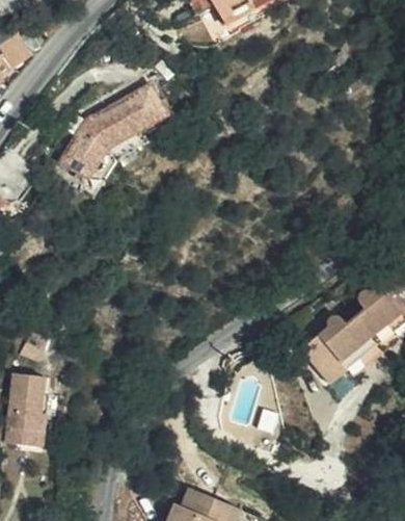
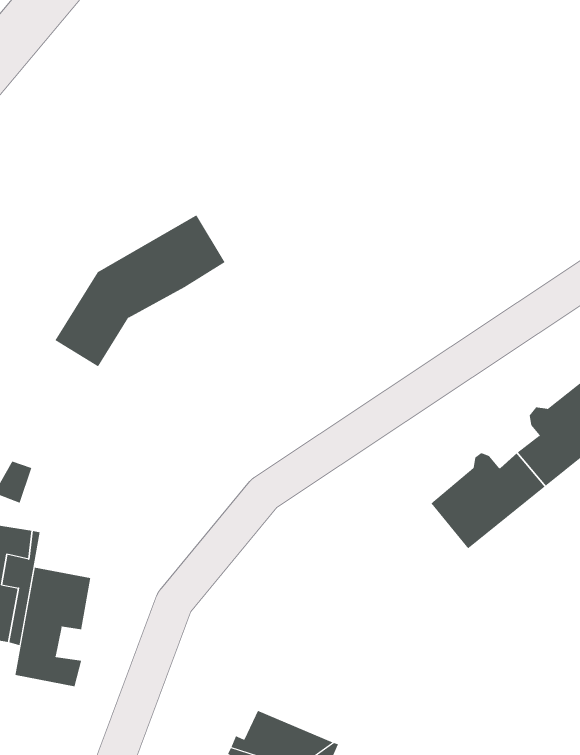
building: [57,82,162,176] -> [54,215,226,367]
building: none -> [15,567,91,687]

